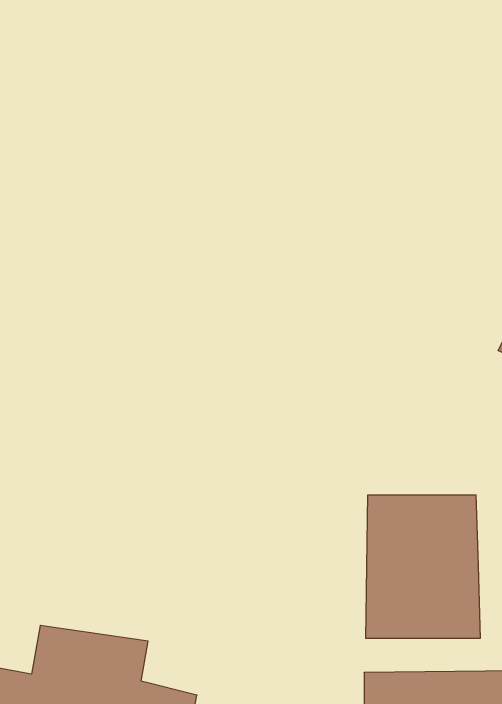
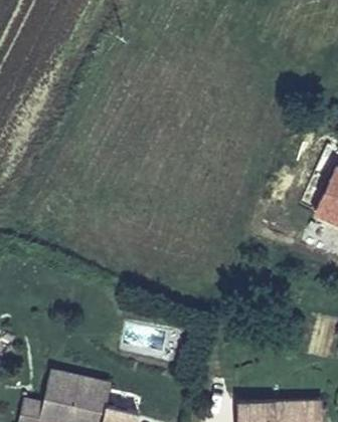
building: [366,495,480,638] -> none

